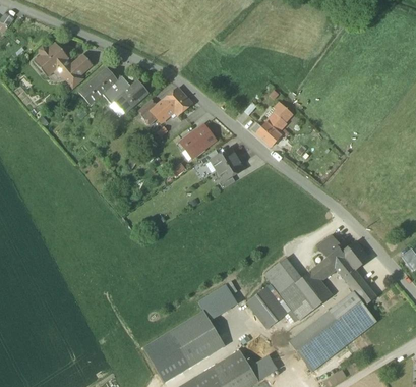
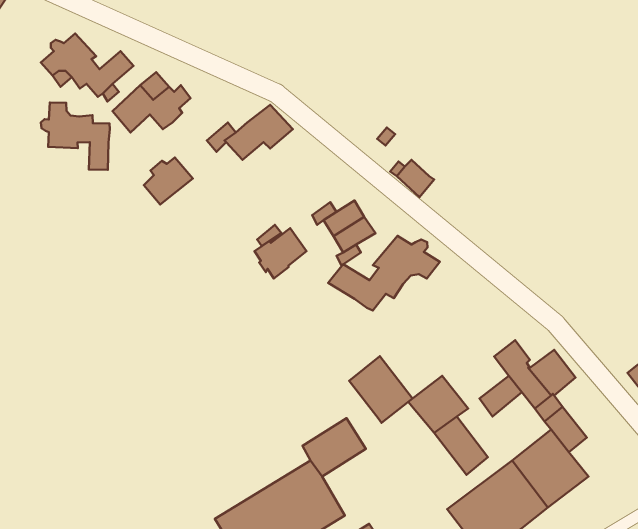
building: [117,81,147,111] -> [144,157,193,205]
building: none -> [41,103,110,170]
building: [266,102,293,132] -> none
building: [182,125,215,157] -> [254,228,306,279]
building: none -> [328,236,440,310]
building: [295,272,329,309] -> none
building: [247,286,287,328] -> [349,356,412,423]

